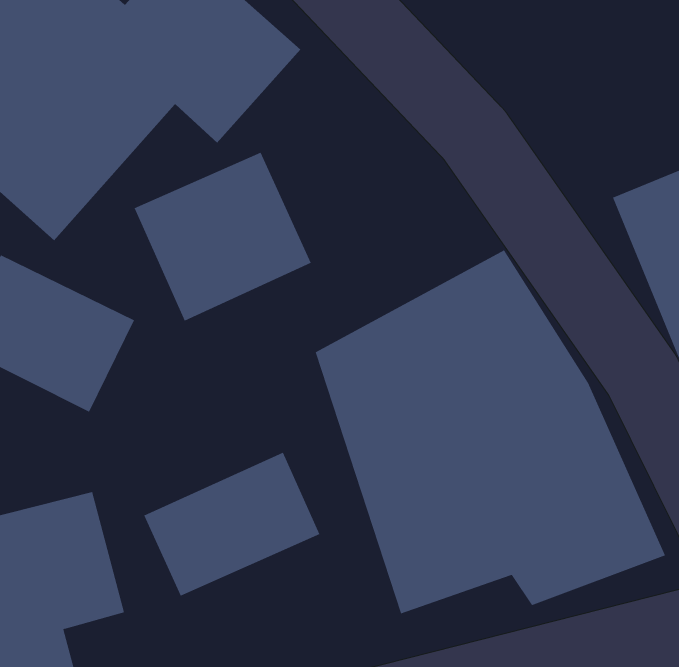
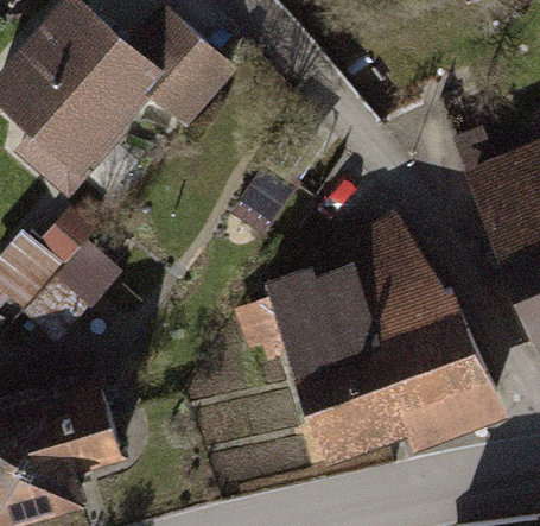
building: [134,152,312,321] -> none
building: [143,452,320,597] -> none

